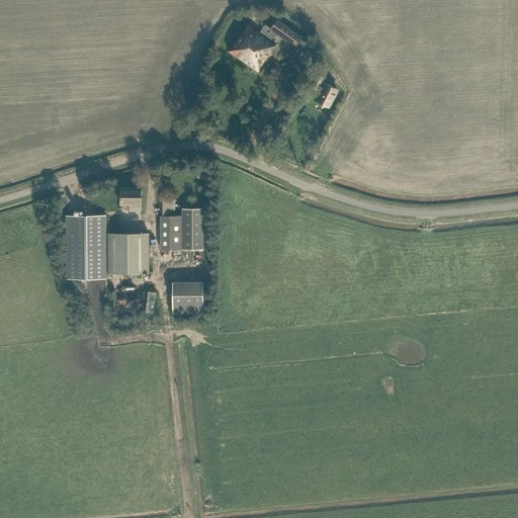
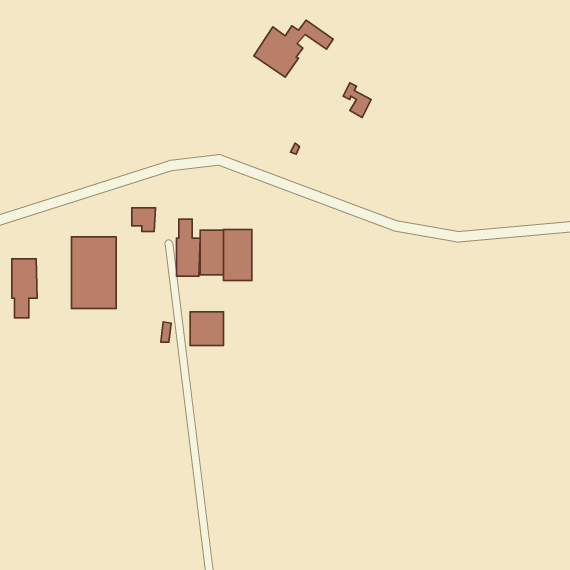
building: none -> [224,229,252,281]
building: [106,235,149,274] -> none
building: none -> [12,259,37,318]

